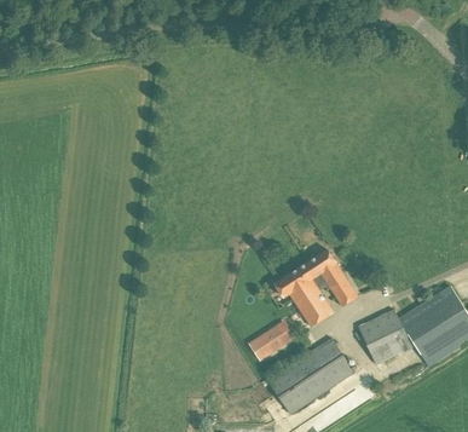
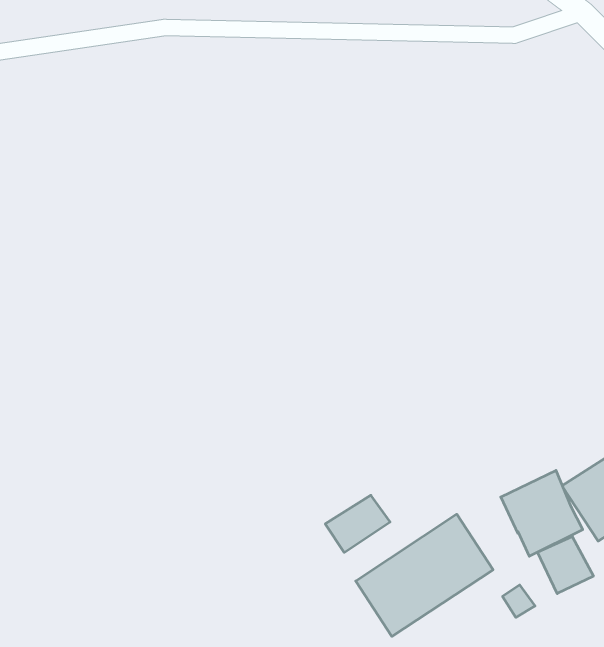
building: [281,250,358,327] -> none
building: none -> [537,536,593,594]

